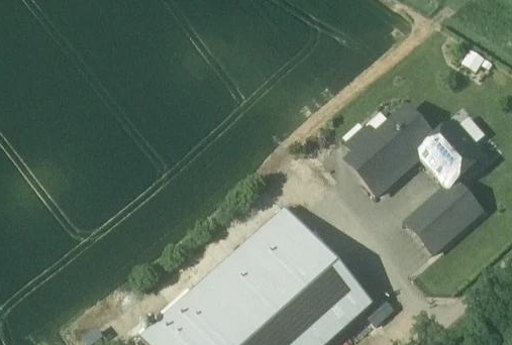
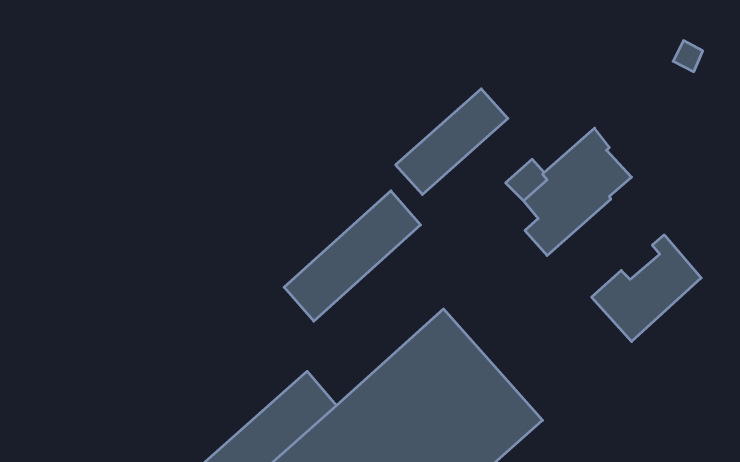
building: none -> [396,89,508,195]
building: [419,120,478,185] -> none
building: [213,205,306,294] -> [284,191,421,321]

